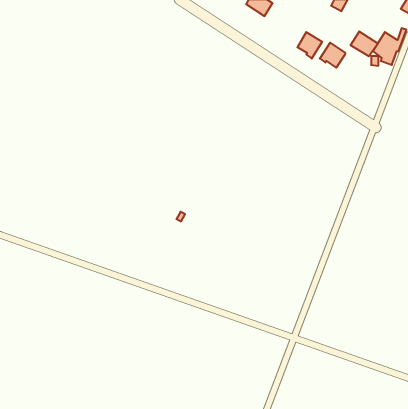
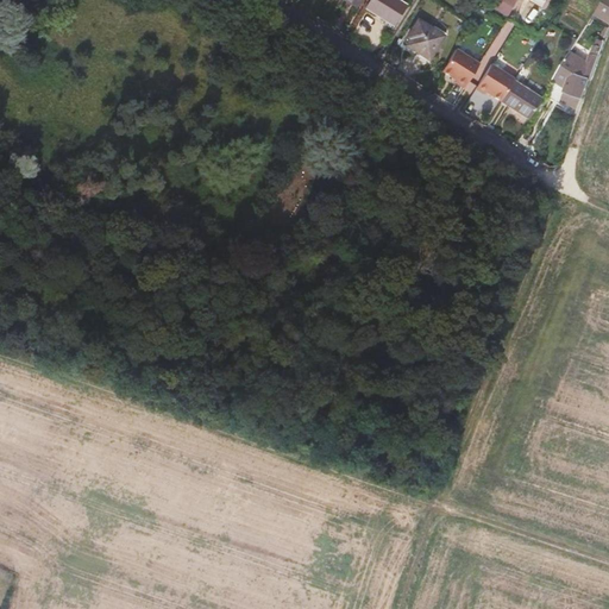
building: none -> [407,19,444,59]
building: [350,31,378,56] -> [502,80,542,117]

